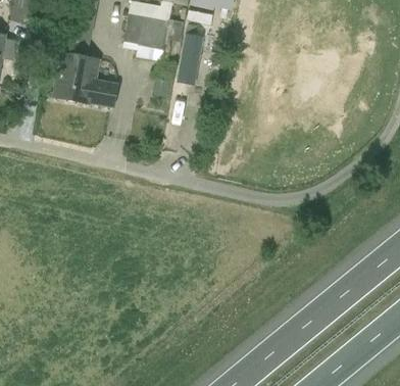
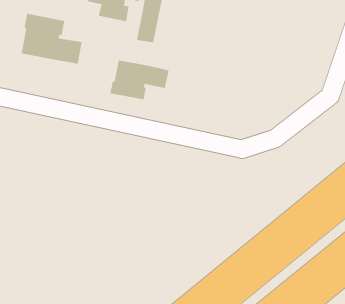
building: none -> [110,59,169,100]

